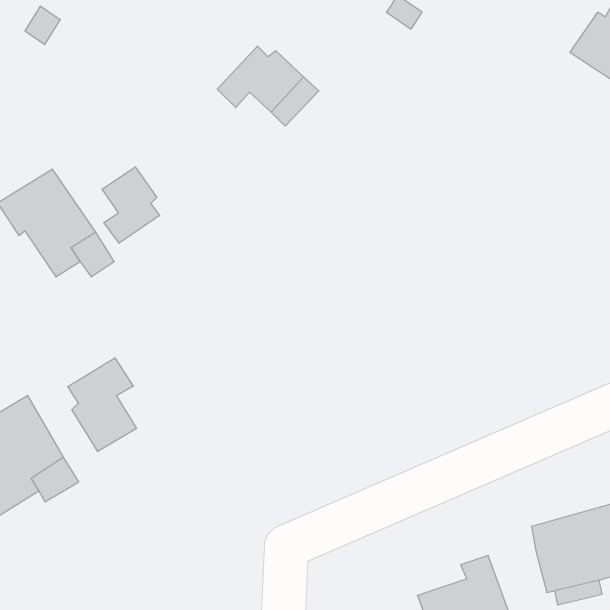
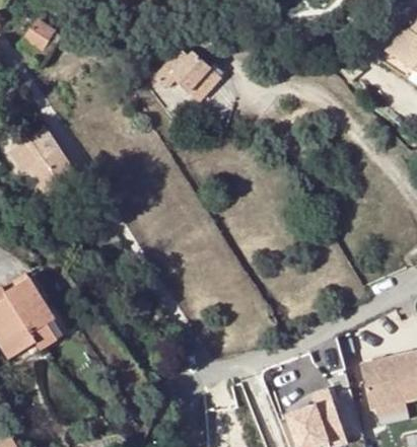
building: [102,167,160,243] -> none
building: [68,358,136,452] -> none

